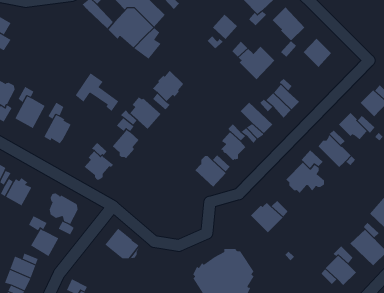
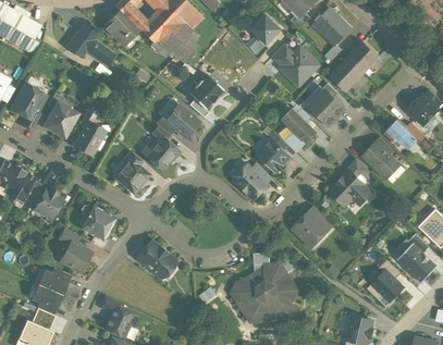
building: none -> [103,11,139,41]
building: none -> [329,56,364,91]
building: [75,73,119,112] -> [67,24,114,65]

